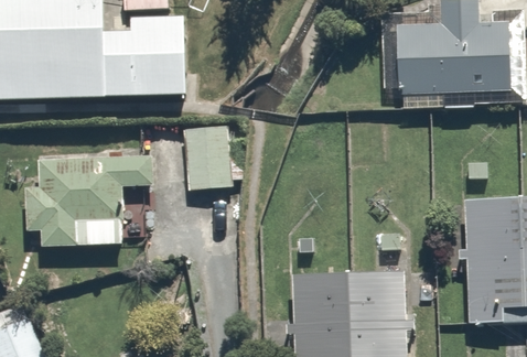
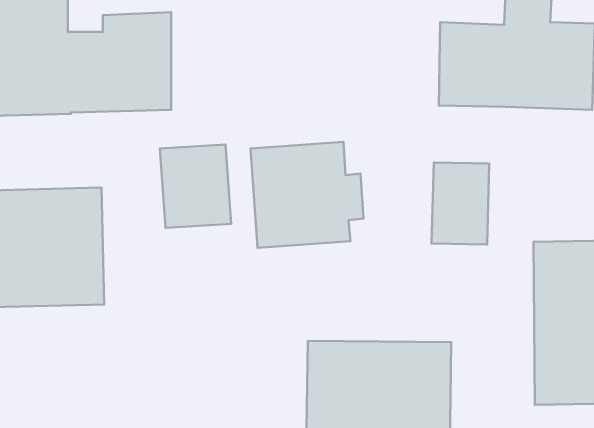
building: none -> [250,142,364,248]
building: none -> [432,162,489,244]

